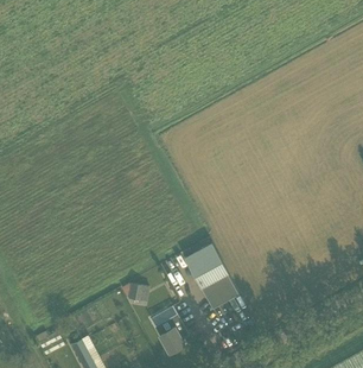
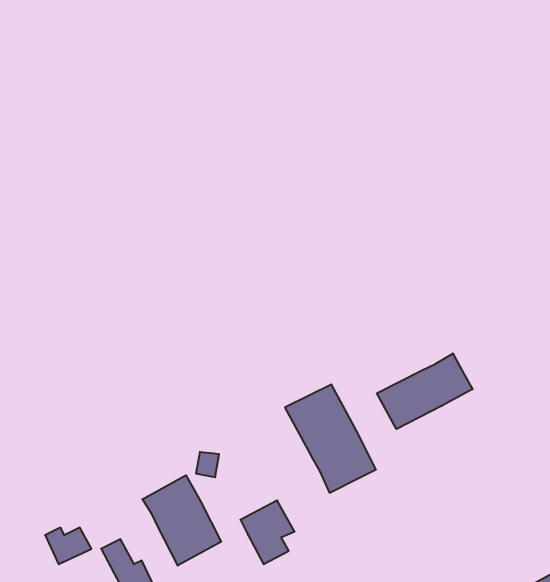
building: none -> [377,353,473,429]
building: none -> [142,475,221,566]

